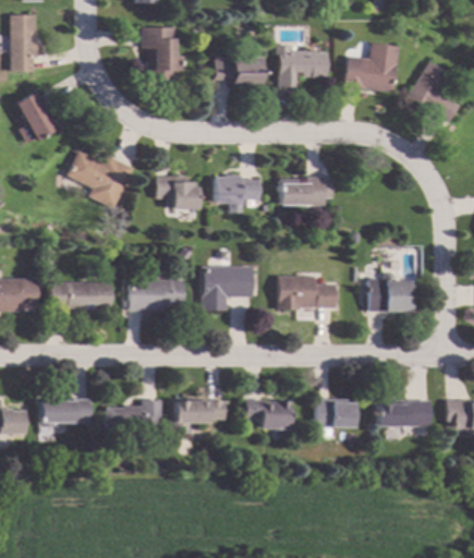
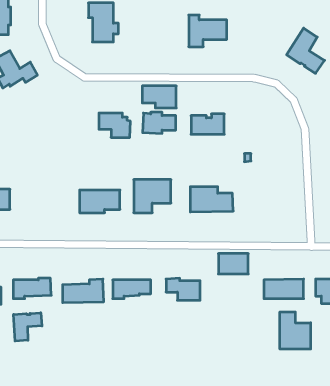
building: [345,44,399,93] -> none
building: [215,57,260,86] -> [142,86,176,108]
building: [66,150,132,208] -> none
building: [368,274,413,311] -> none
building: [50,282,111,308] -> none
building: [316,400,356,427] -> [218,254,248,274]
building: none -> [280,312,311,349]
building: none -> [14,313,42,341]

